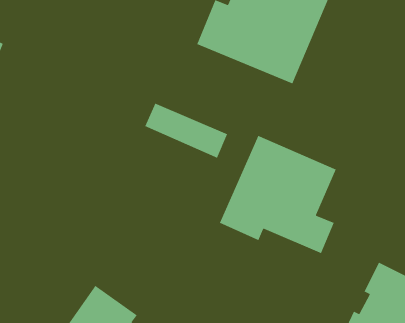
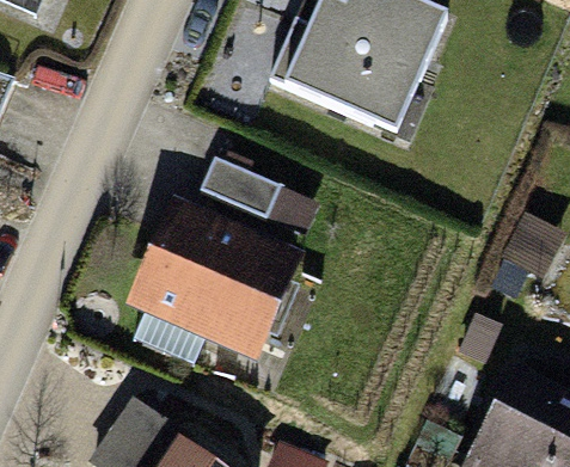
building: [219,135,337,254] -> none
building: none -> [139,216,290,354]

